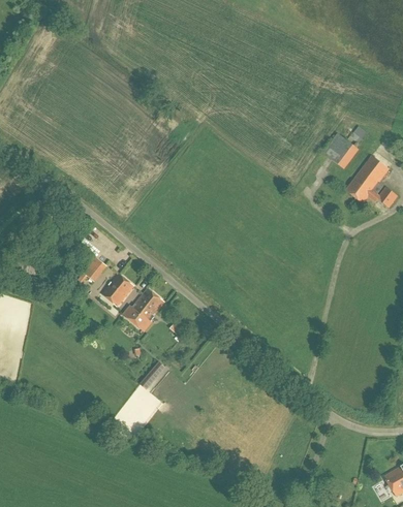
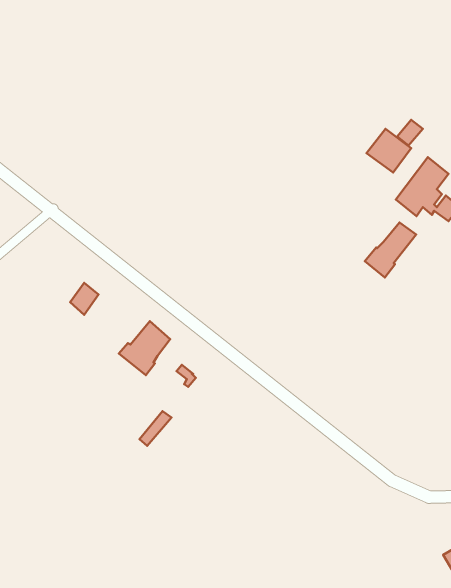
building: none -> [365,223,416,278]
building: [101,274,132,307] -> none

